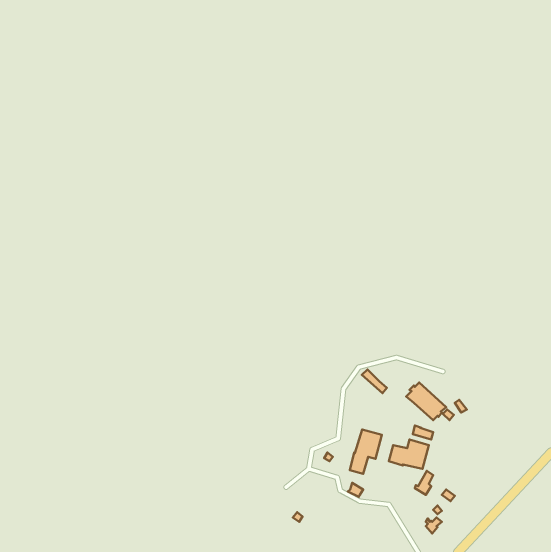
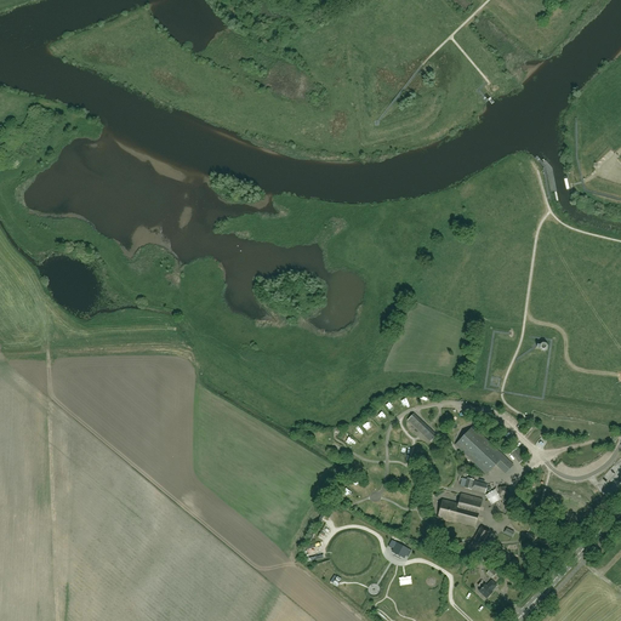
building: [350,430,382,474] -> none

